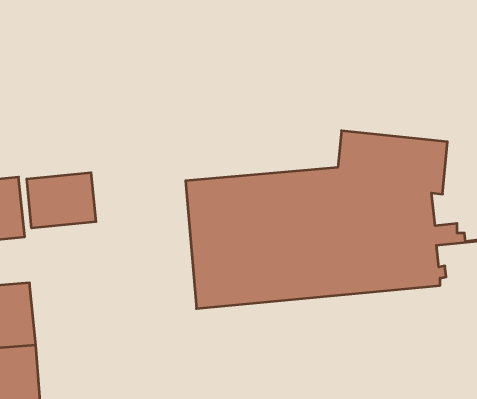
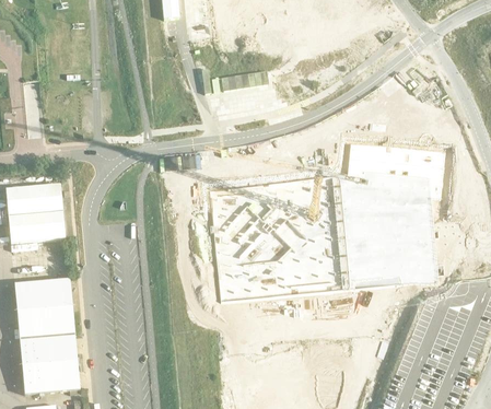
building: [27,173,96,228] -> none

